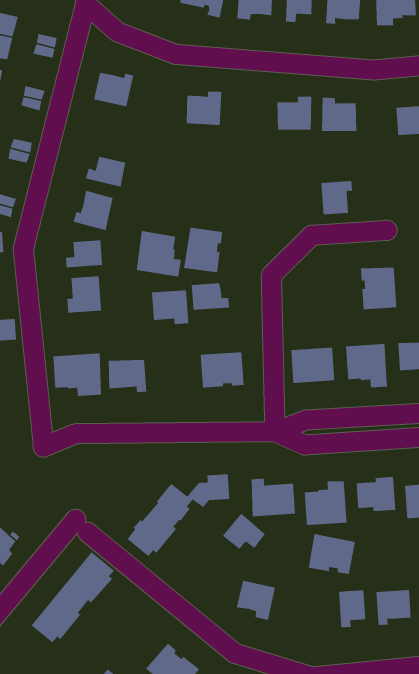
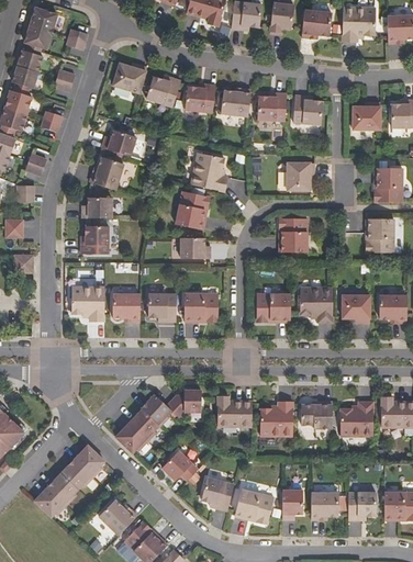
building: none -> [145,76,180,106]
building: none -> [220,88,250,116]
building: [136,230,182,277] -> [190,151,227,191]
building: [360,267,397,310] -> [279,217,306,251]
building: [151,290,189,325] -> [147,293,176,321]
building: [222,513,266,550] -> [161,450,197,480]
building: [308,533,356,575] -> [234,488,274,524]
building: none -> [98,499,136,535]

